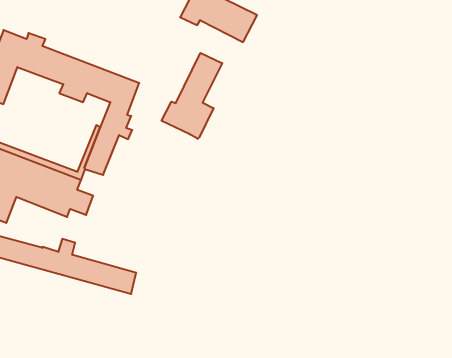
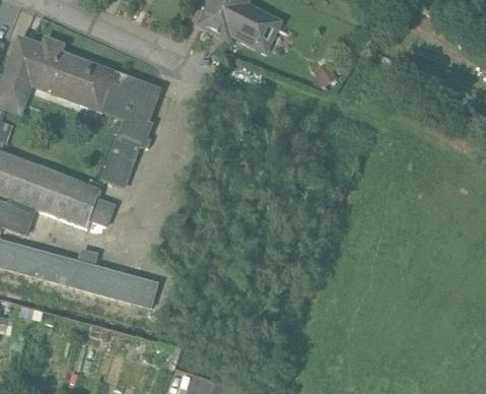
building: [162,53,222,139] -> none

